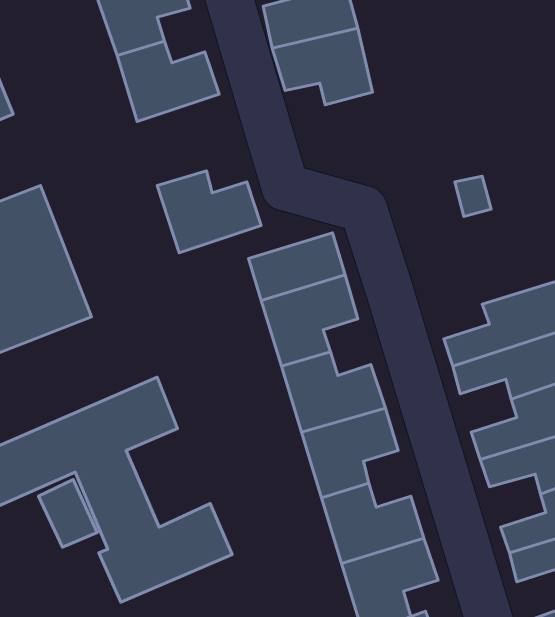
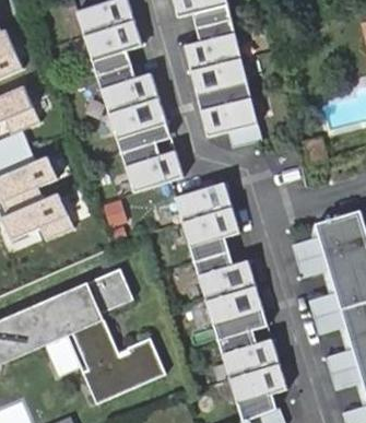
building: none -> [200,96,260,146]
building: none -> [108,97,165,152]

